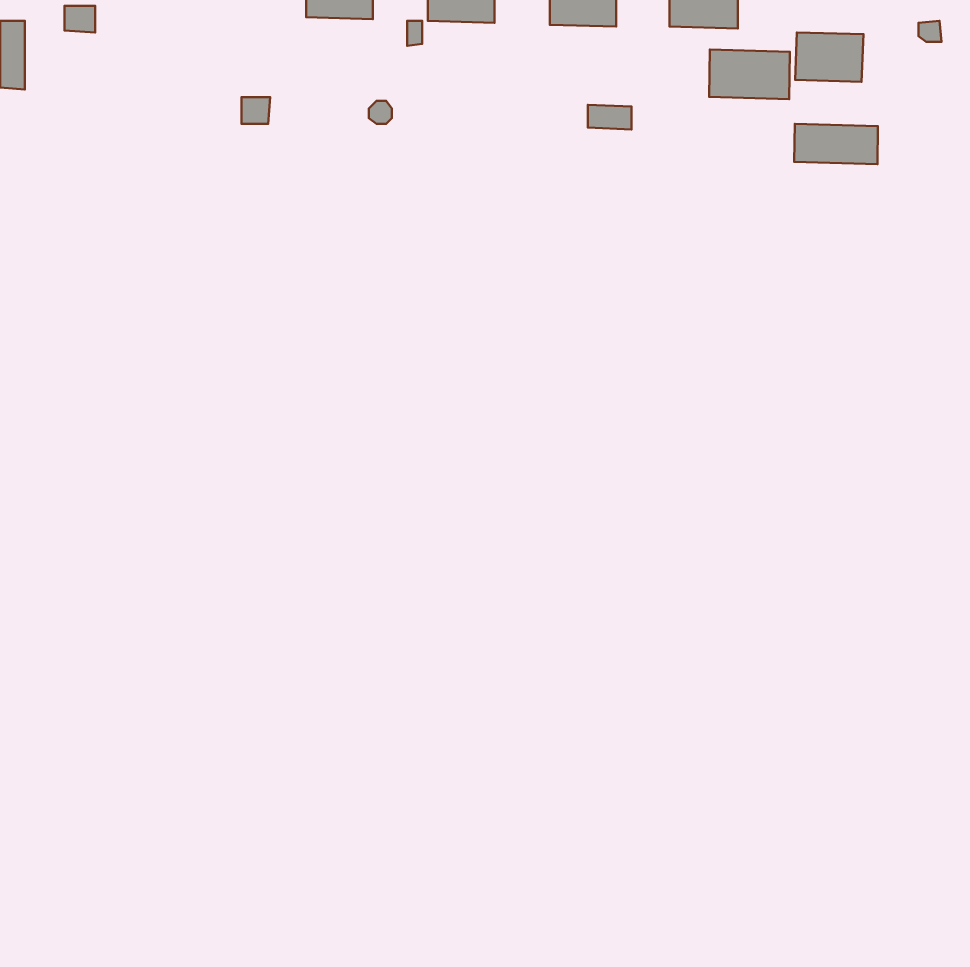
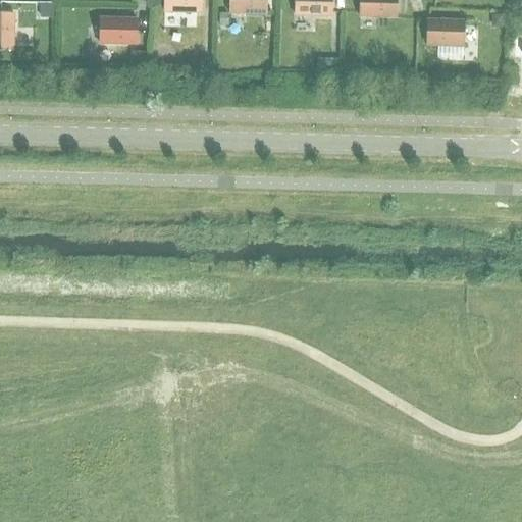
building: none -> [100,15,137,42]
building: [709,49,790,99] -> none
building: [794,124,878,164] -> none

